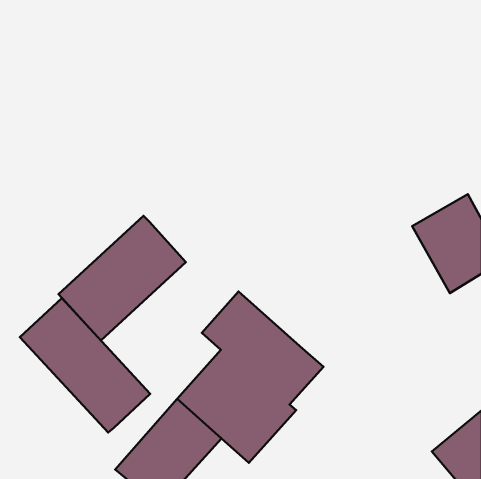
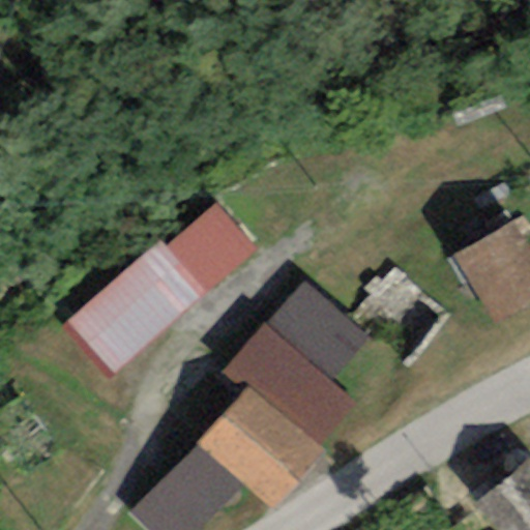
building: none -> [165,201,256,291]
building: none -> [266,282,371,383]
building: [20,298,150,433] -> none

